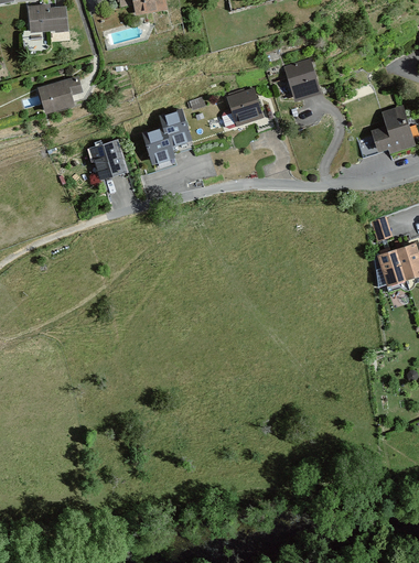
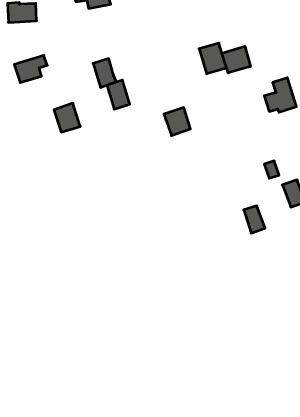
building: none -> [222,46,250,73]
building: [226,88,261,126] -> [164,108,190,136]
building: [142,126,173,164] -> [93,59,116,87]
building: [377,249,406,285] -> [244,206,265,233]

